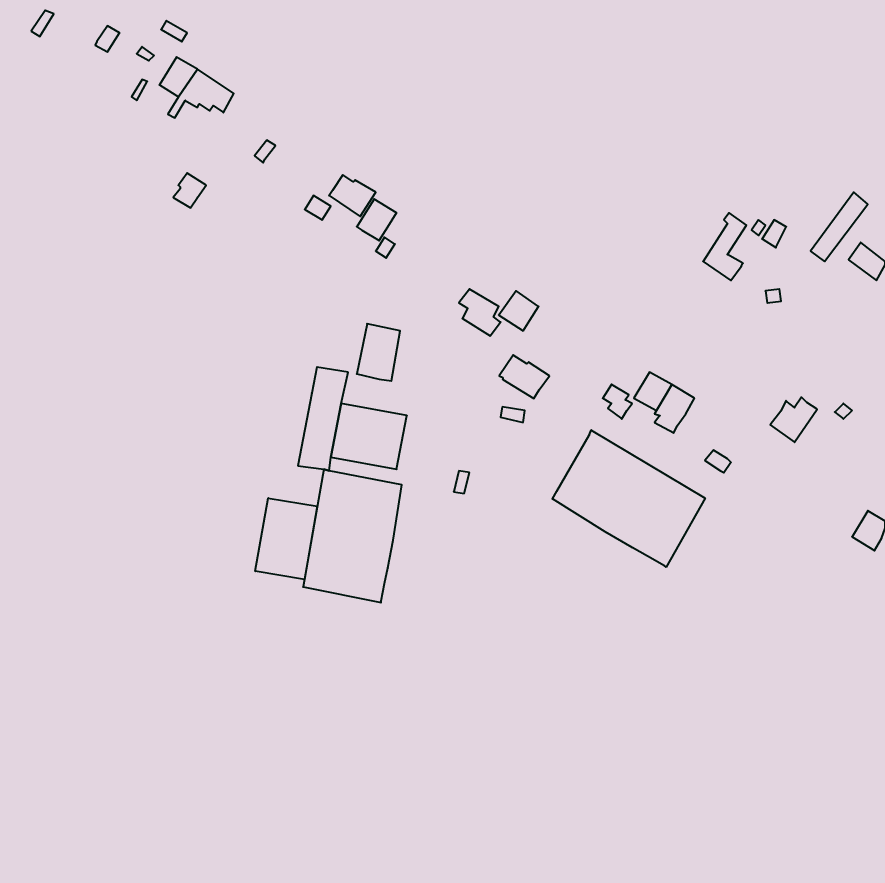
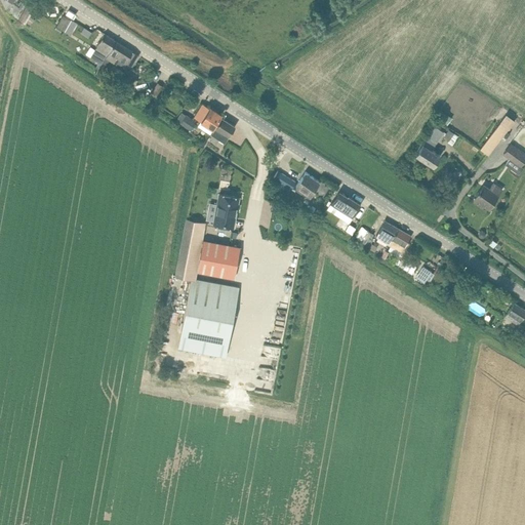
building: [499,355,549,398] -> [331,193,361,218]
building: [770,397,817,442] -> [475,183,502,209]
building: [552,430,705,567] -> none
building: [255,498,317,579] -> none

